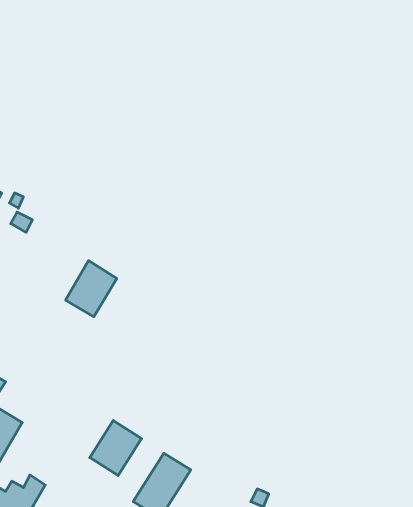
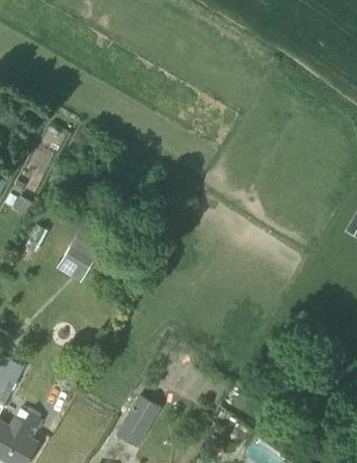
building: [90,420,142,476] -> none

